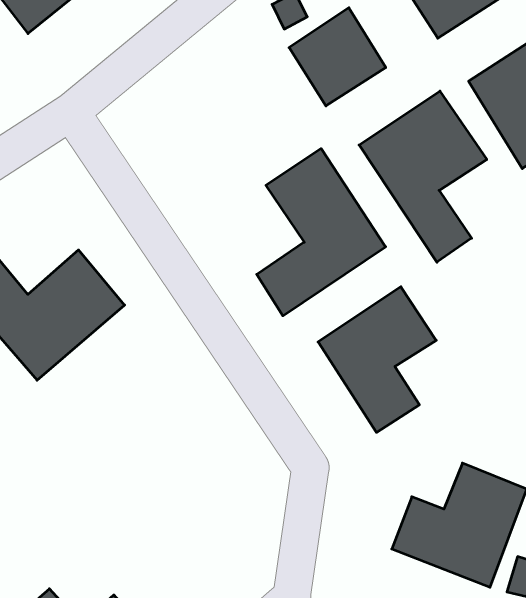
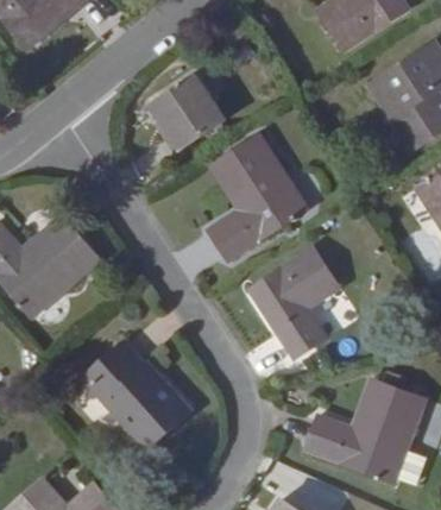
building: [289,8,386,106] -> [152,73,227,149]
building: [359,91,487,262] -> none
building: none -> [82,336,189,448]

